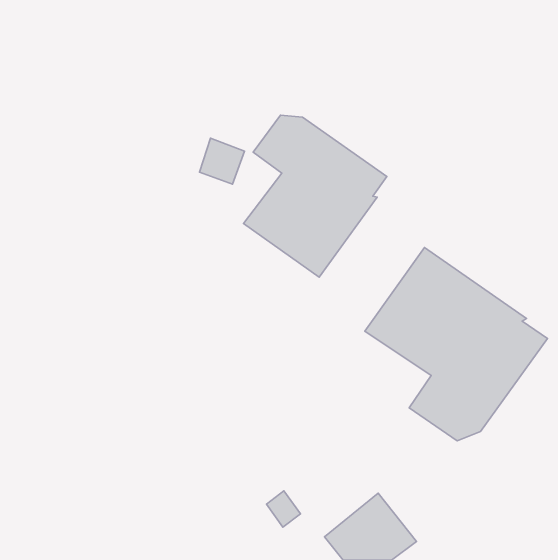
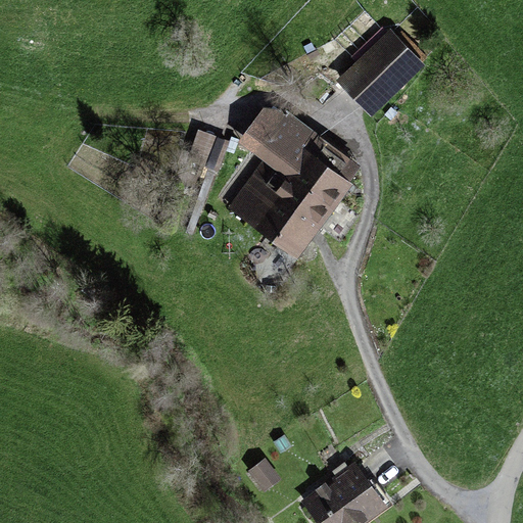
building: none -> [333,30,423,116]
building: [365,247,547,441] -> none

